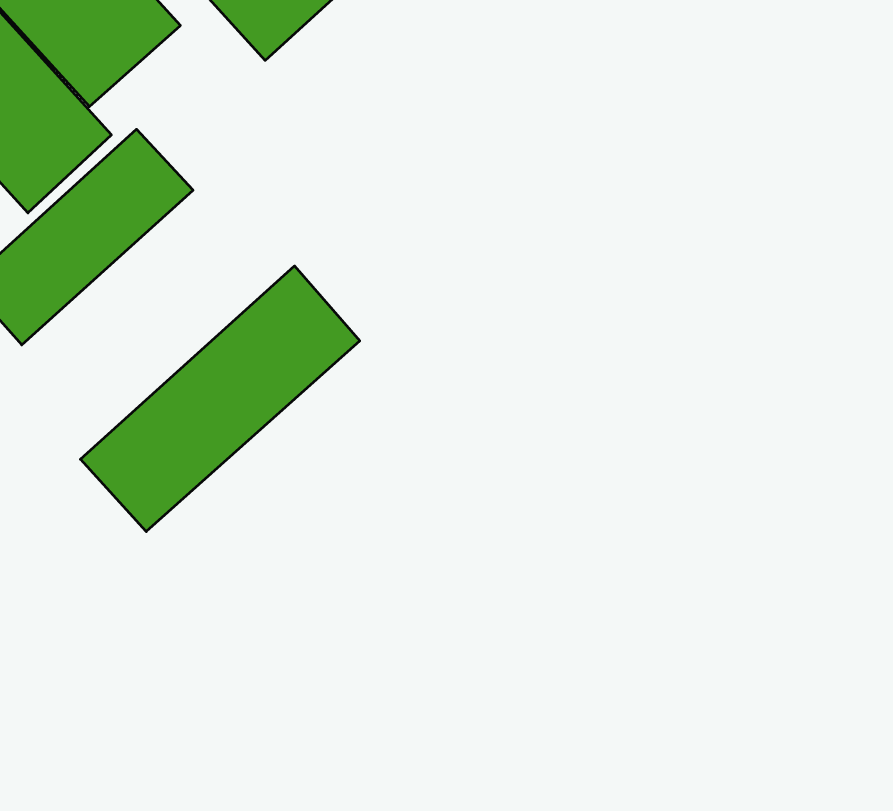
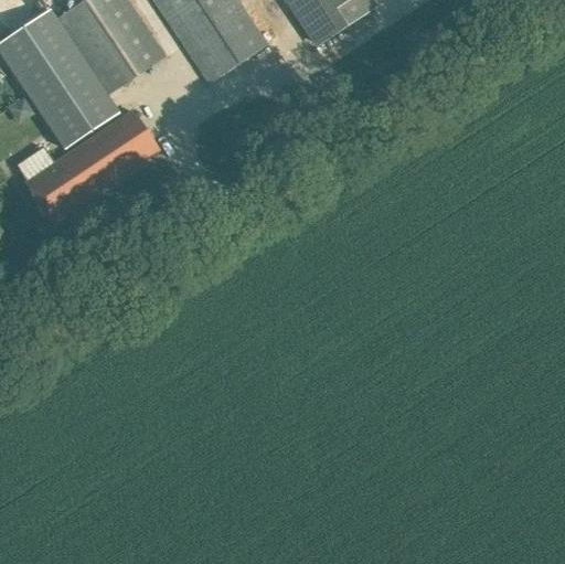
building: [80,266,360,532] -> none

